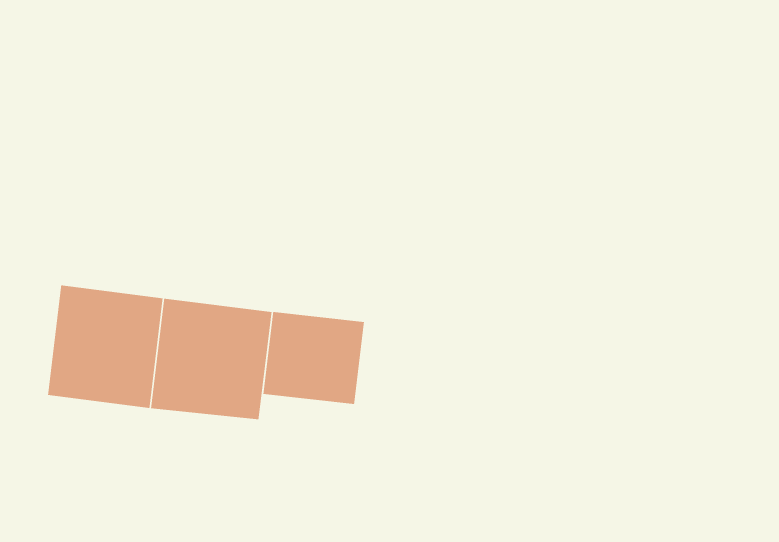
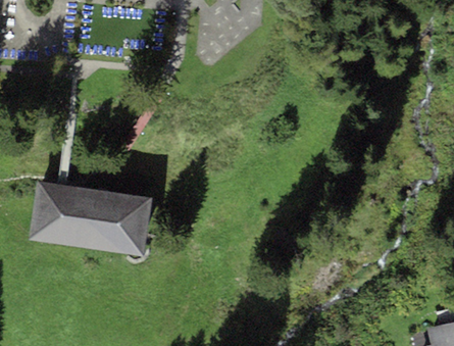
building: [263,311,365,405] -> none

